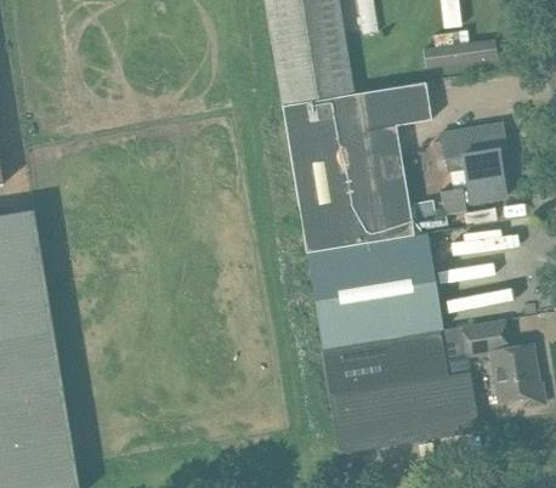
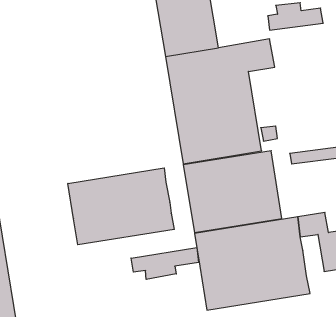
building: [438,124,506,216] -> none
building: none -> [68,168,174,245]
building: none -> [131,247,199,279]

